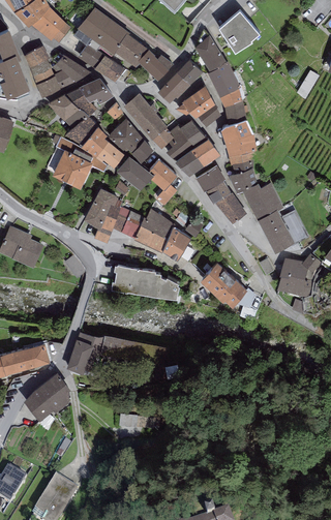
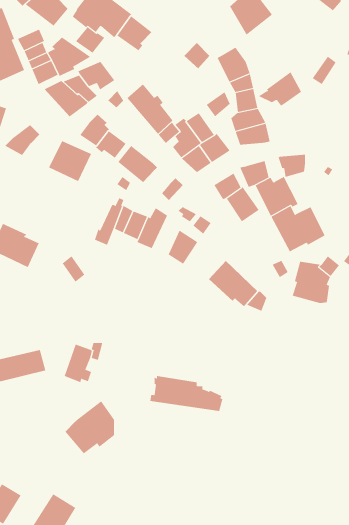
building: [195,34,225,70] -> none
building: [138,48,173,79] -> none
building: [93,54,125,81] -> none
building: [157,70,190,101] -> none
building: [175,85,215,117] -> [258,72,302,106]
building: [64,115,97,144] -> [5,125,40,156]
building: [108,117,153,160] -> none
building: [228,151,253,173] -> [278,154,306,178]
building: [149,159,177,189] -> none
building: [195,164,225,191] -> none
building: [84,191,118,232] -> none
building: [148,218,175,256] -> none
building: [111,263,179,296] -> [150,376,223,411]
building: [23,370,69,420] -> [64,401,115,454]

